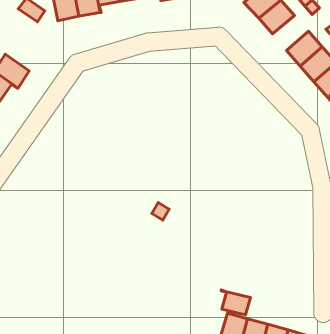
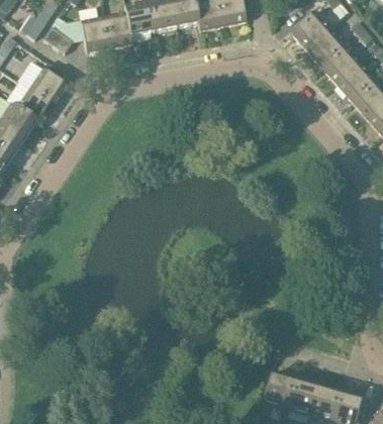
building: none -> [319,46,359,85]
building: none -> [26,63,67,107]
building: [221,290,250,315] -> none

